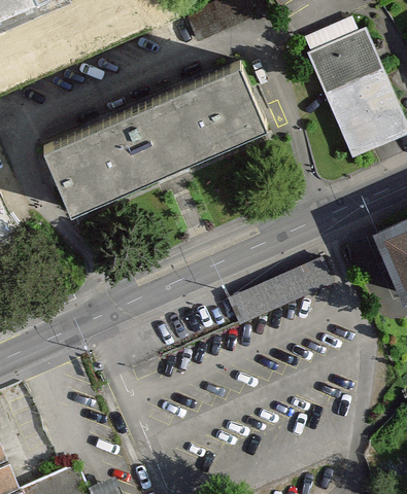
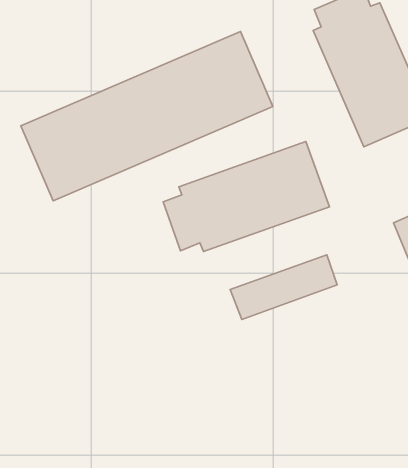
building: none -> [163,141,330,251]

